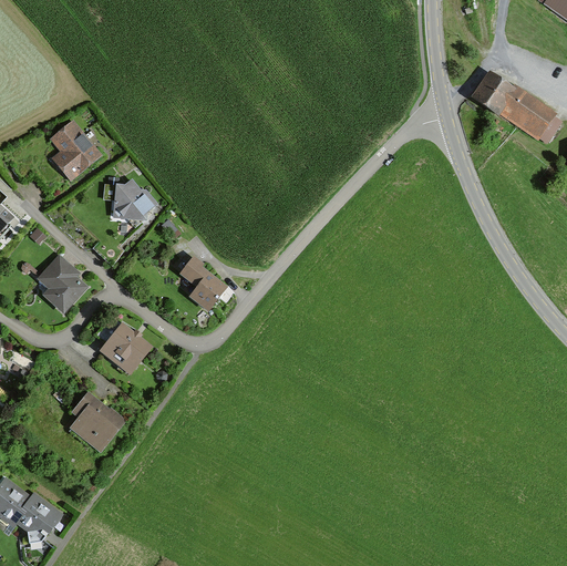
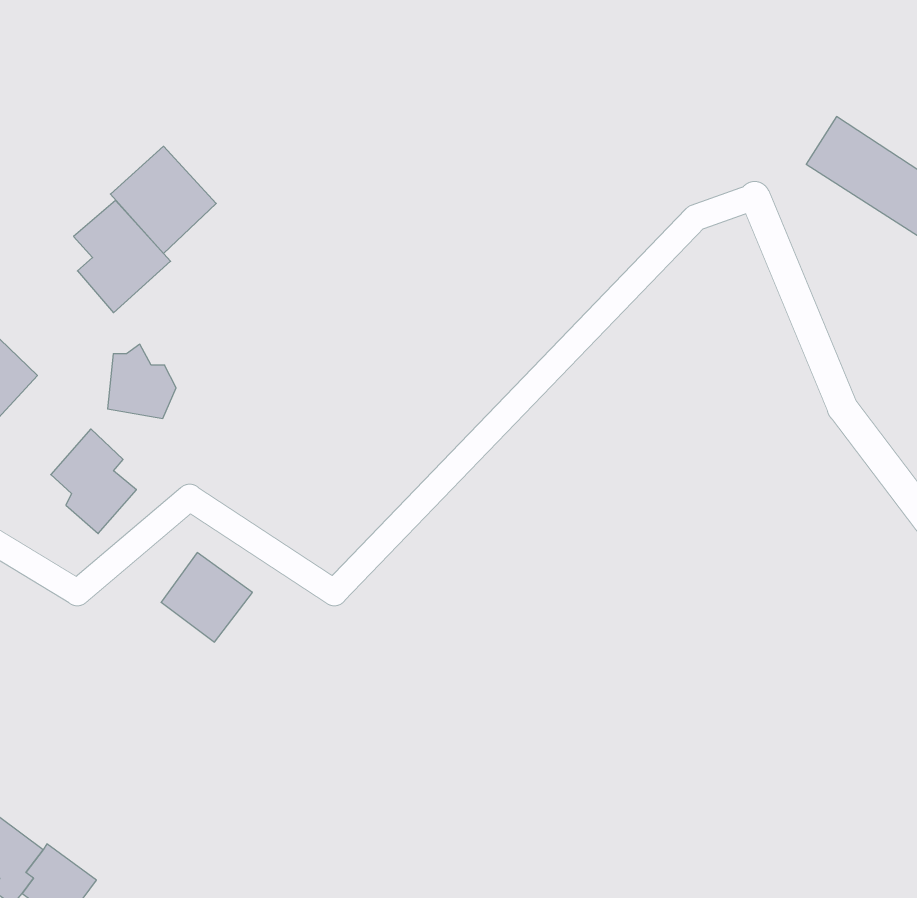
building: none -> [110,146,216,253]
building: [114,178,154,222] -> [108,344,176,418]
building: [179,257,229,311] -> none
building: [70,388,125,450] -> none

